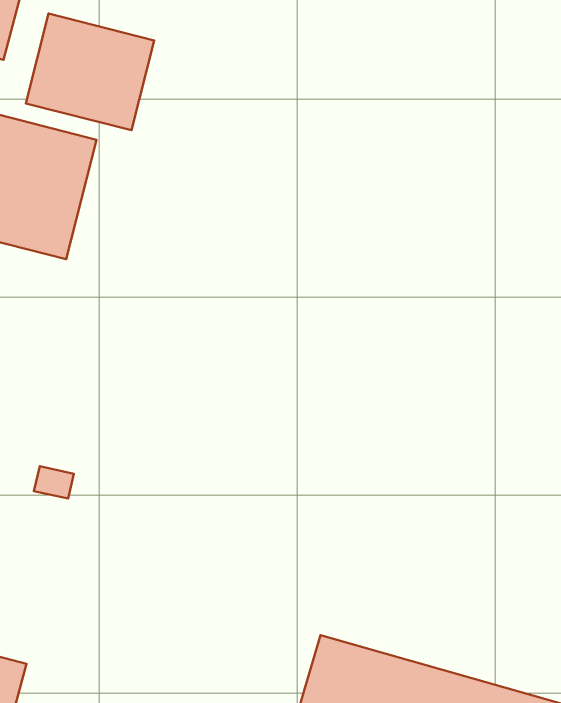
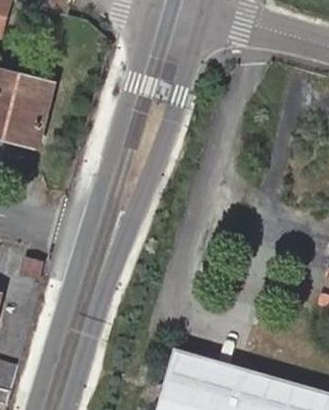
building: [26,14,154,130] -> none

